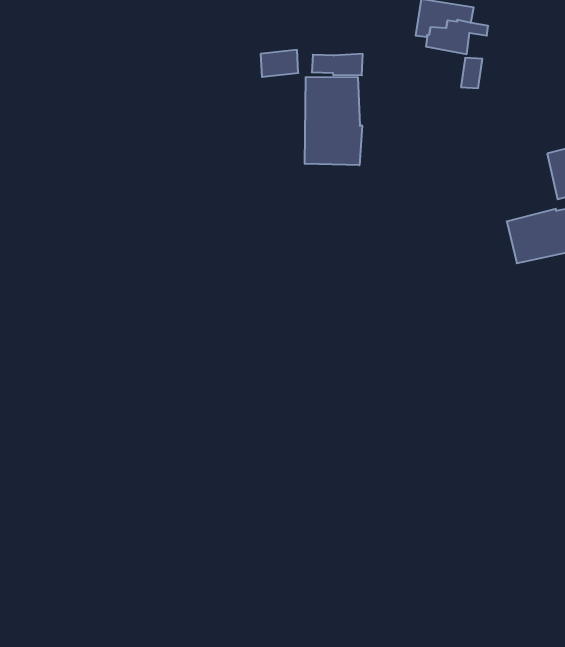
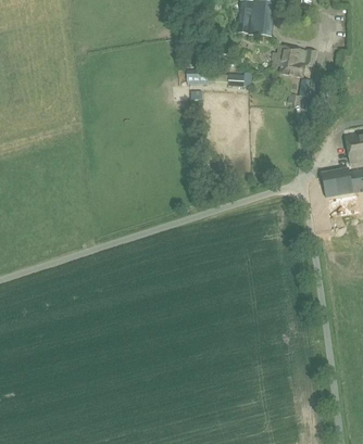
building: [305,77,362,165] -> none

